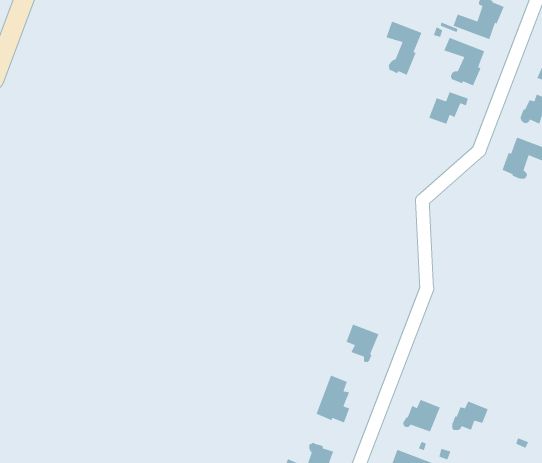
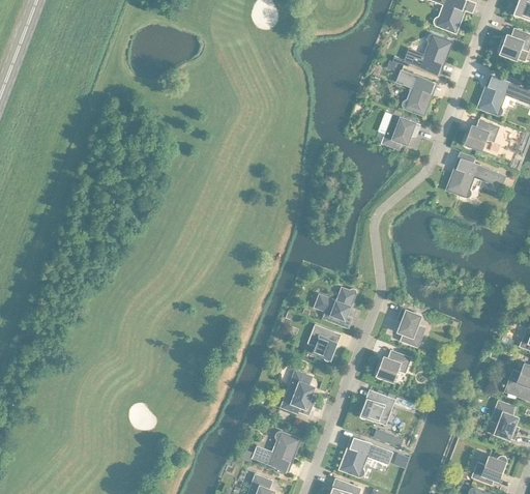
building: [385,20,422,76] -> none
building: none -> [315,288,356,324]
building: none -> [399,309,423,346]
building: [452,401,489,431] -> [376,351,409,378]

